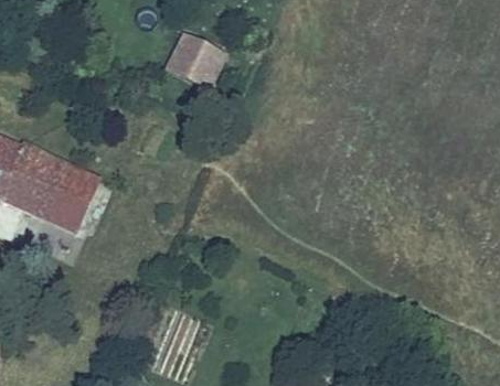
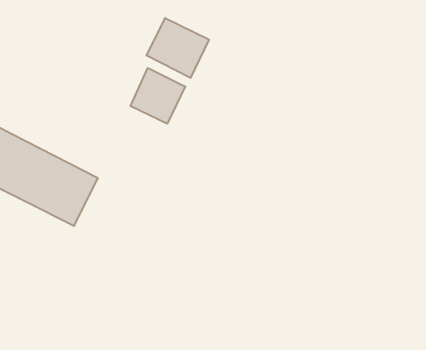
building: none -> [130,68,185,124]

